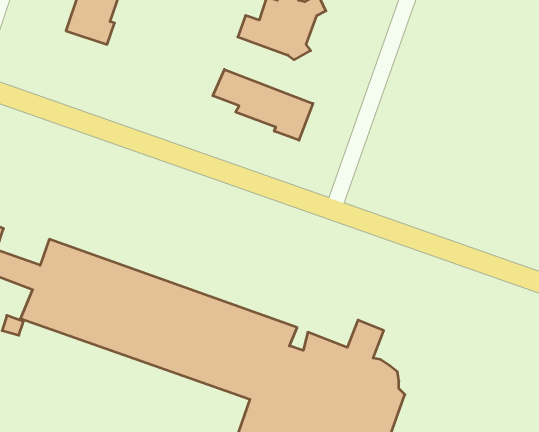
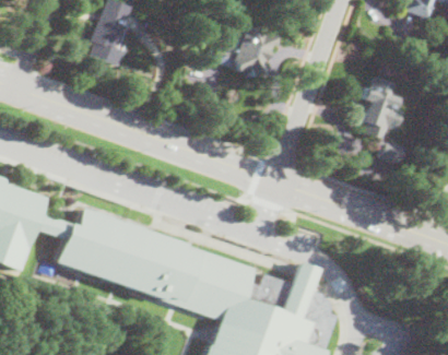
building: none -> [365,78,409,165]
building: [213,69,313,140] -> none

